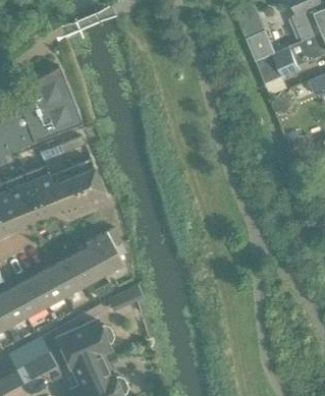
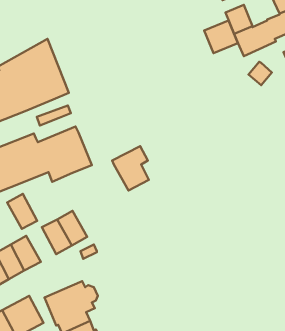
building: none -> [204,21,238,53]
building: [84,229,122,276] -> [112,146,149,191]
building: [37,266,68,302] -> [7,194,37,229]

